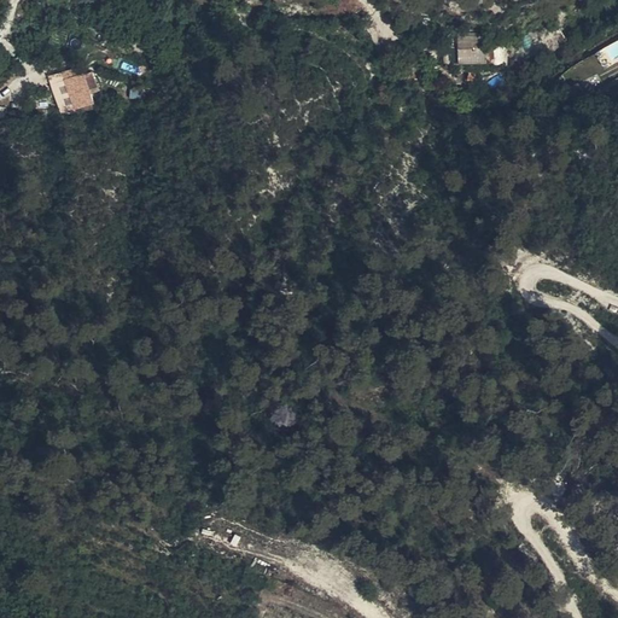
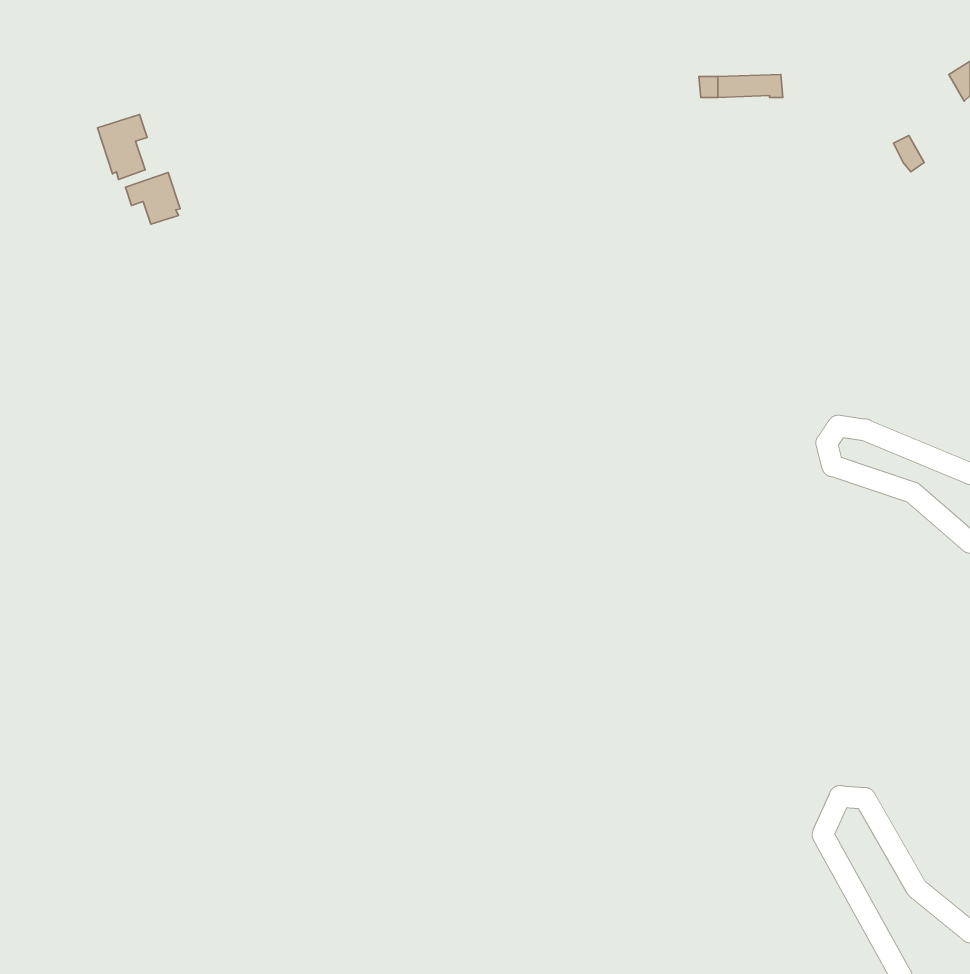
building: none -> [126,173,180,224]

